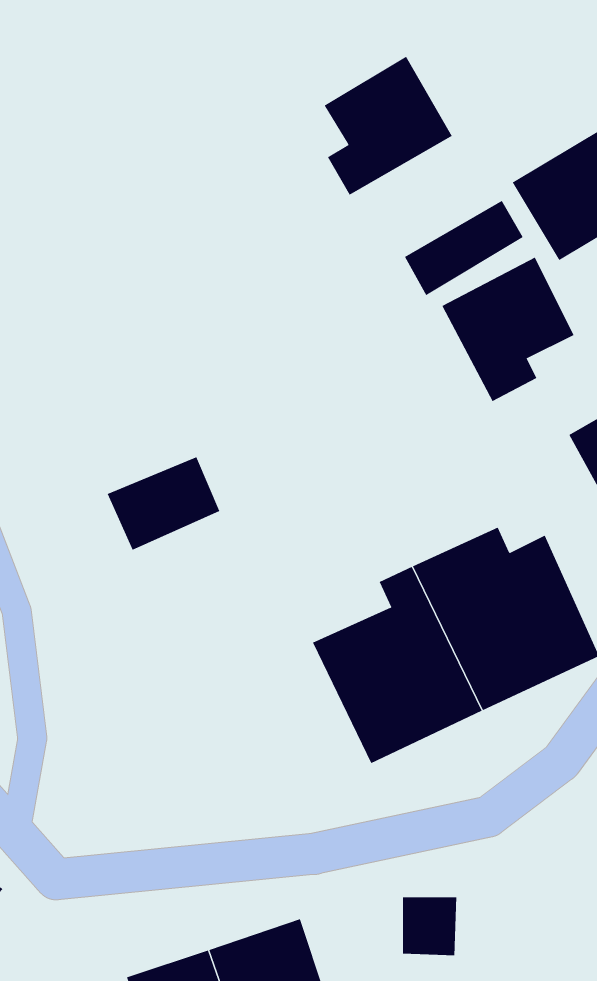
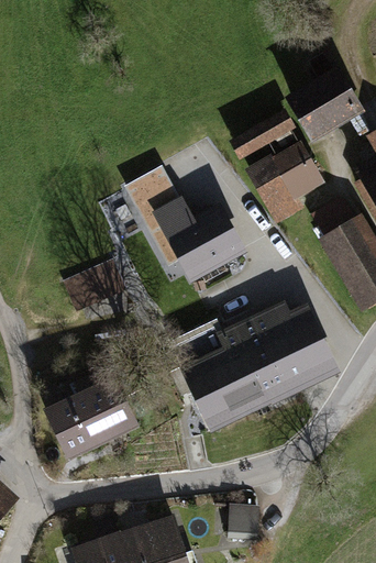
building: [324,56,453,195] -> none
building: none -> [124,163,246,279]
building: none -> [43,372,136,455]

